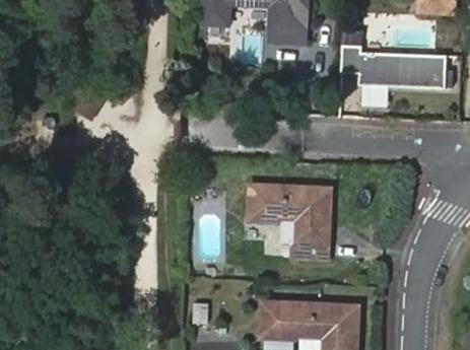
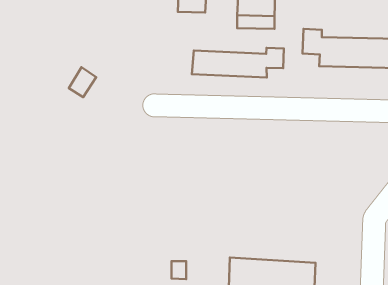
building: none -> [192,48,284,78]
building: [247,185,326,259] -> none

